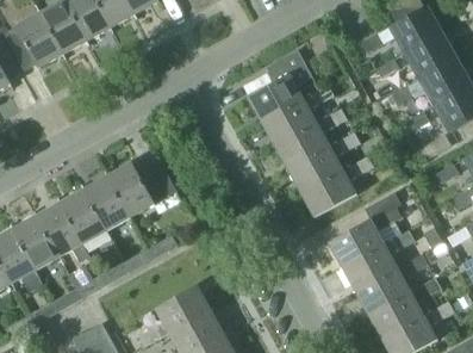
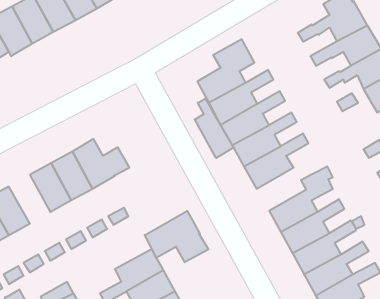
building: none -> [195,98,233,158]
building: [36,202,89,261] -> none
building: none -> [145,211,208,262]

